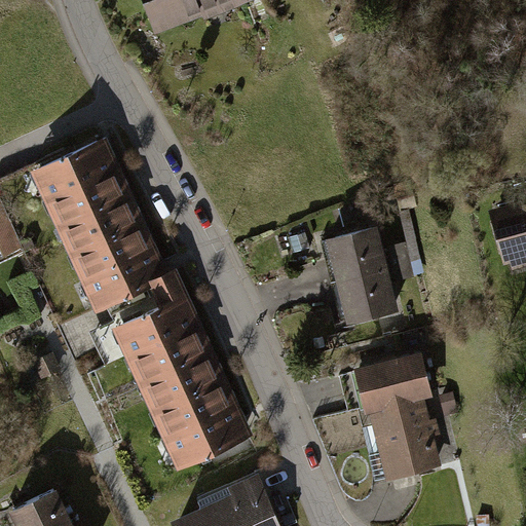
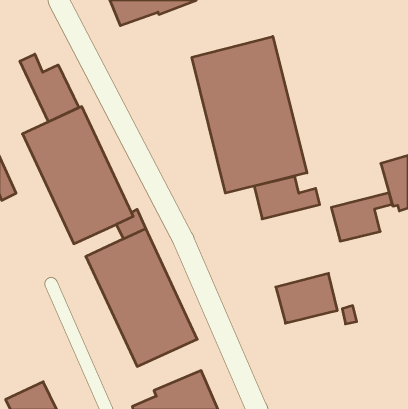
building: none -> [192,36,307,193]
building: none -> [20,54,79,122]
building: [336,263,414,325] -> [331,193,392,241]
building: [369,401,441,481] -> none

